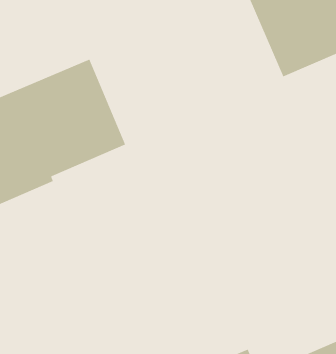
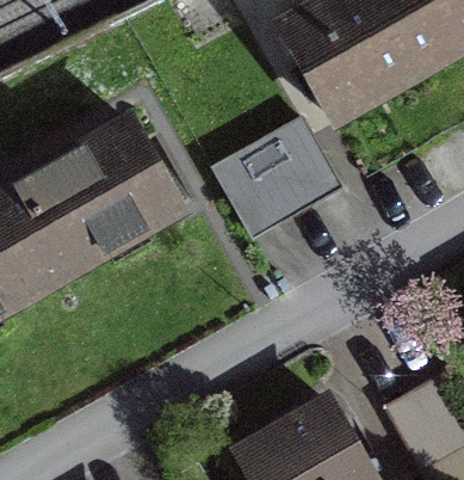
building: none -> [210,116,335,229]

